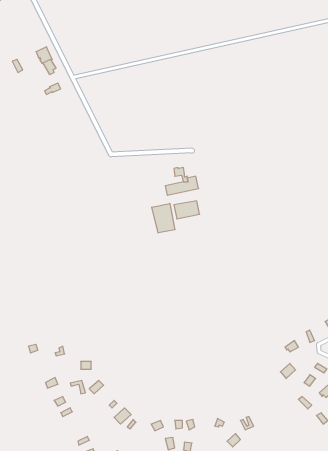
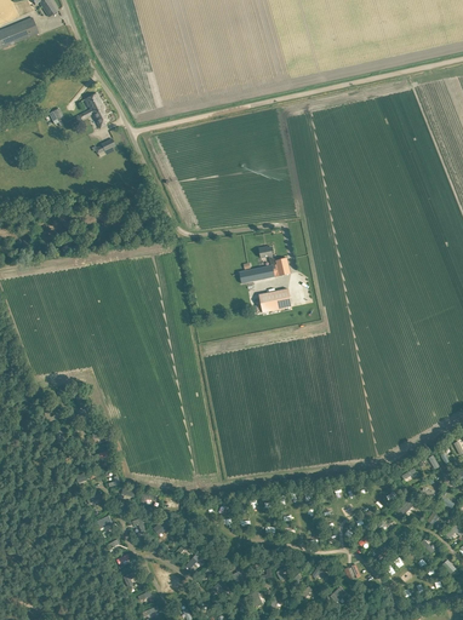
building: [152,203,175,233] -> none

